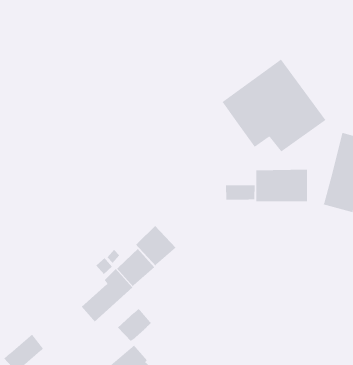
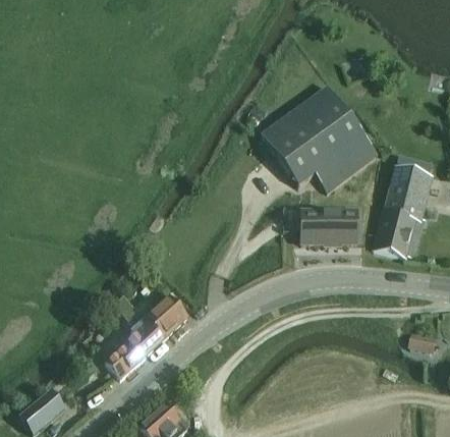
building: [225,184,256,200] -> none
building: [134,225,176,267] -> none
building: [117,308,152,342] -> none

